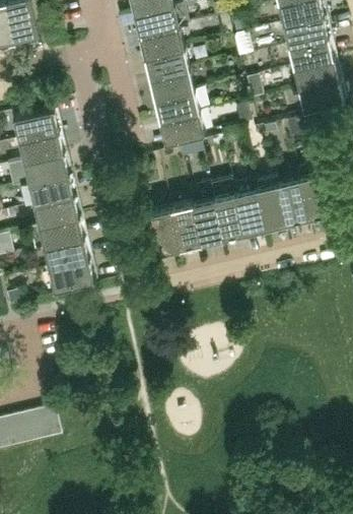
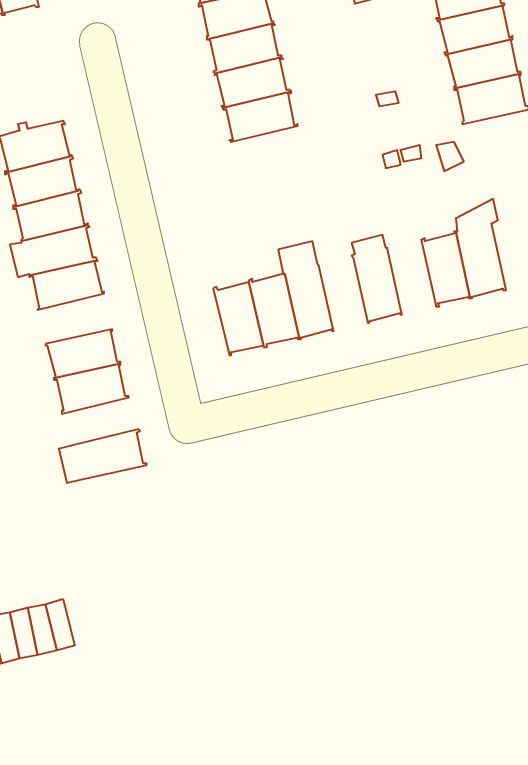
building: [158,114,206,146] -> none
building: [256,186,286,232] -> none
building: [212,196,243,242] -> none
building: [29,218,84,252] -> [59,429,147,483]

